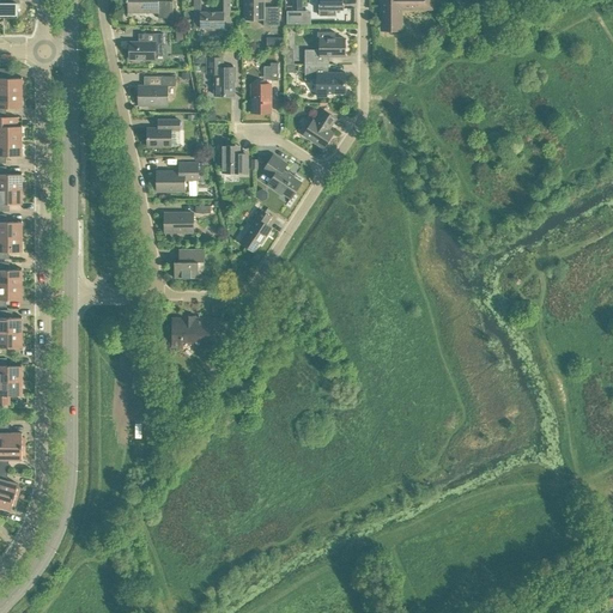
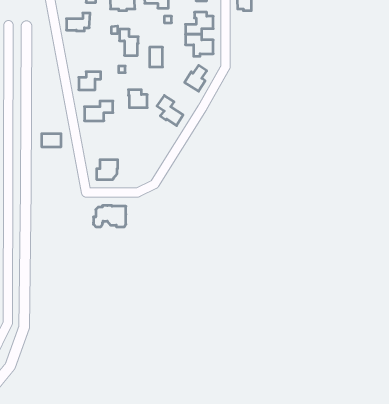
building: [138,75,175,104] -> none
building: [238,207,271,250] -> none
building: [163,212,192,231] -> [42,134,61,147]

